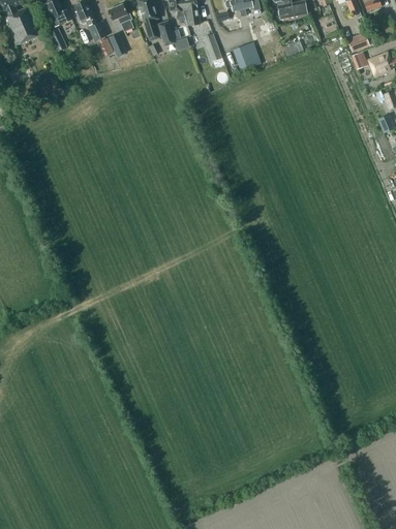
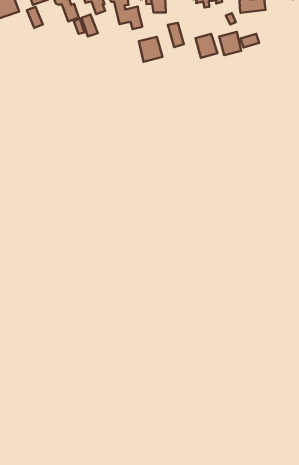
building: none -> [219,32,241,55]
building: none -> [139,37,162,62]

